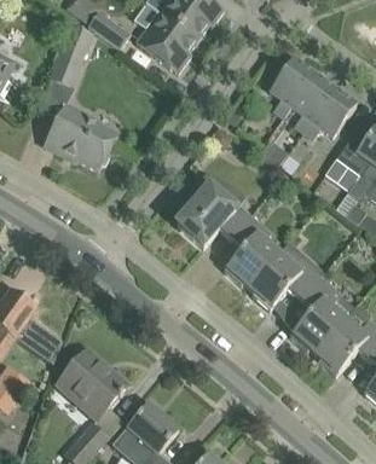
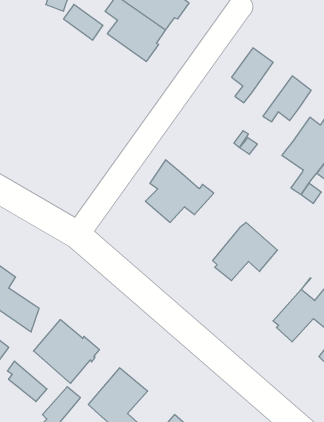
building: [51,25,92,87] -> none
building: [291,74,335,132] -> none
building: [45,104,117,170] -> none
building: [224,215,278,288] -> none
building: [289,277,354,353] -> none
building: none -> [7,361,47,402]

